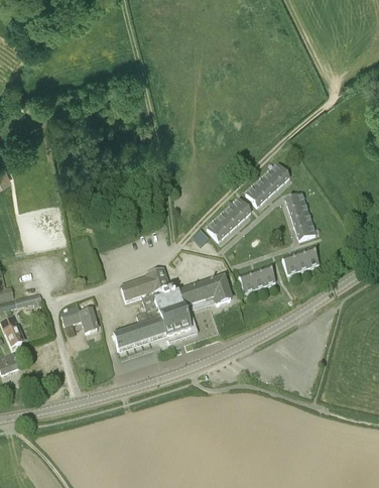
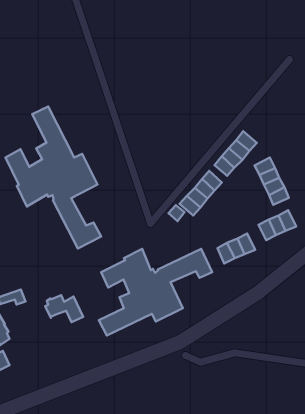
building: none -> [5,107,101,249]

